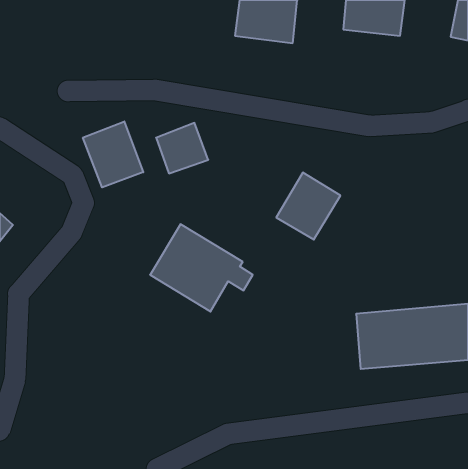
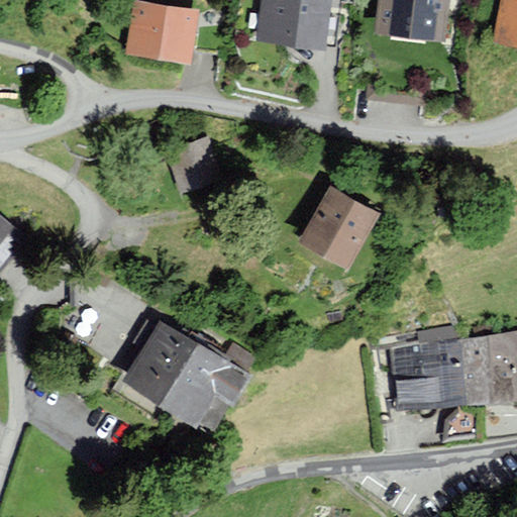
building: none -> [128,5,195,63]
building: [83,121,143,187] -> none
building: [150,224,253,312] -> [129,327,242,423]

